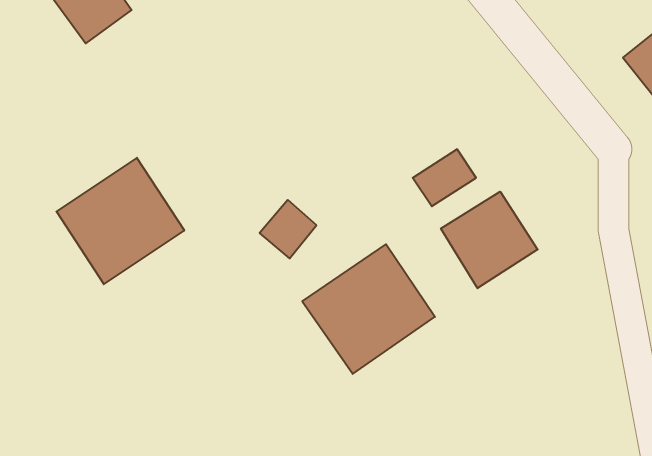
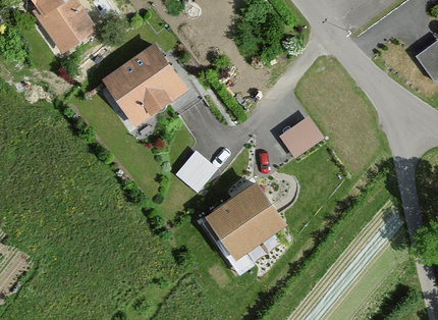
building: [56,158,184,284] -> [103,46,185,127]
building: [441,192,538,288] -> none

